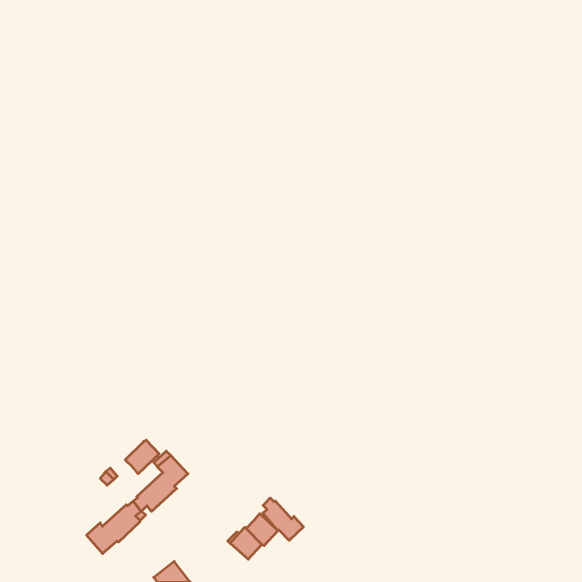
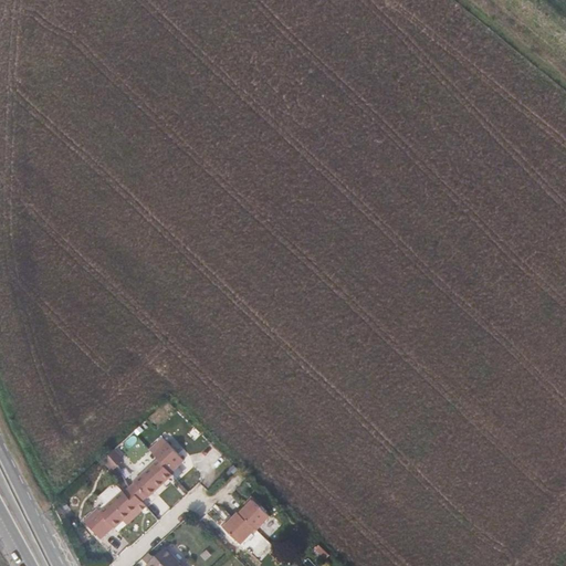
building: [125,440,159,474] -> none
building: [263,498,303,540] -> none

